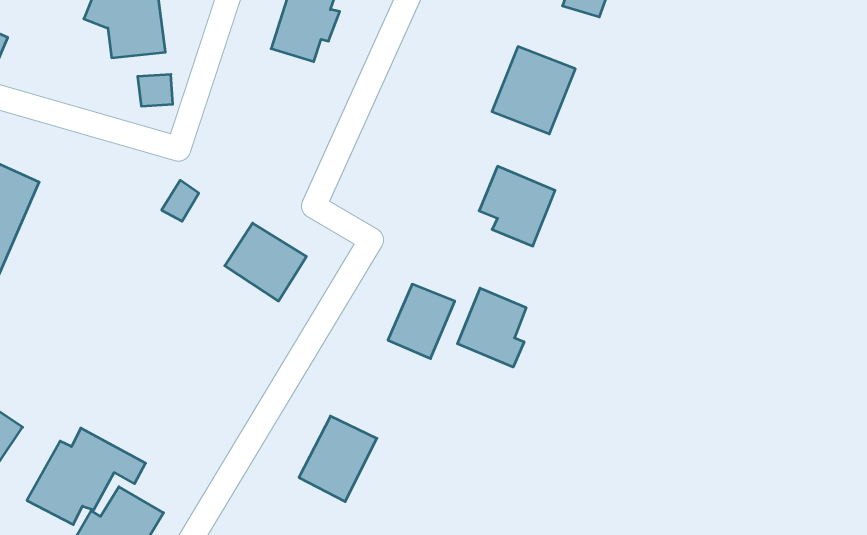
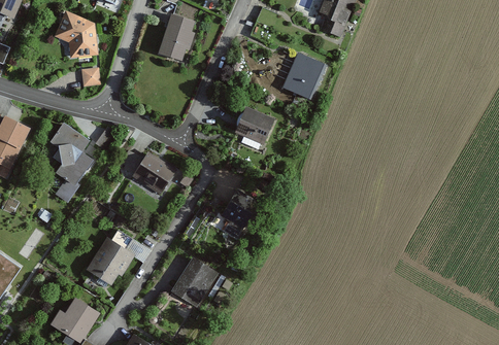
building: [479,166,555,246] -> [233,107,275,151]
building: none -> [52,123,94,200]
building: [457,288,526,367] -> none
building: [27,428,146,525] -> [87,231,153,284]

